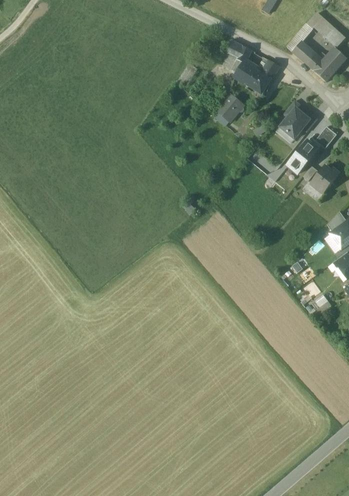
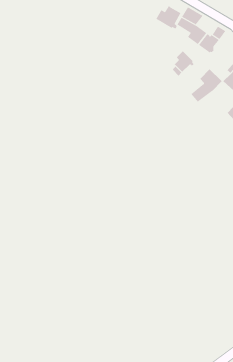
building: none -> [156,5,181,29]
building: none -> [191,69,223,103]

